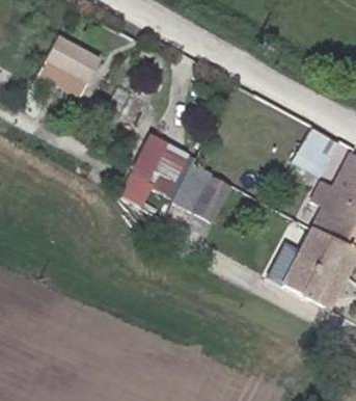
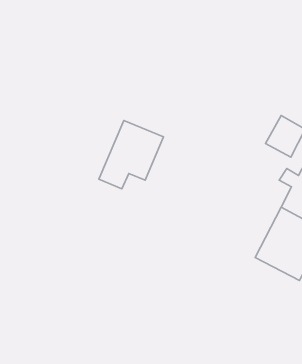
building: [34,35,100,100] -> none
building: [177,164,235,222] -> none

